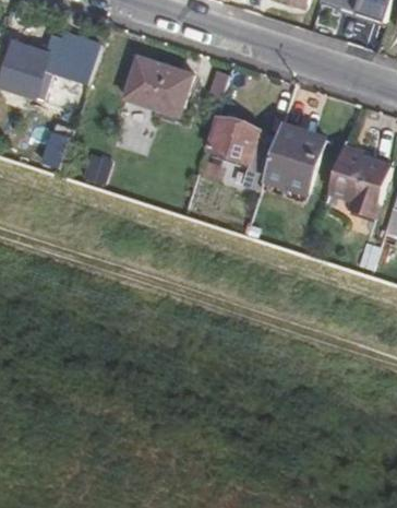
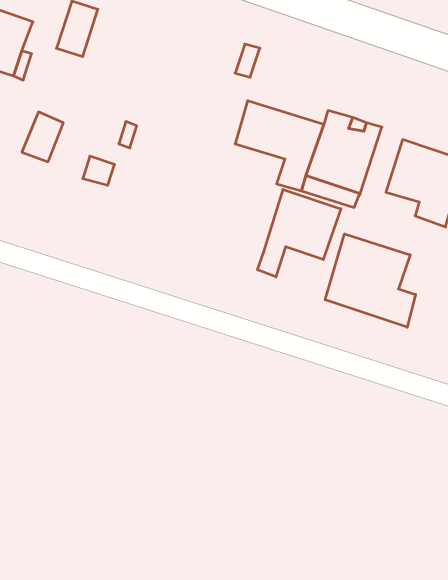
building: [122,58,192,119] -> none
building: none -> [258,189,341,277]
building: none -> [325,234,416,327]

